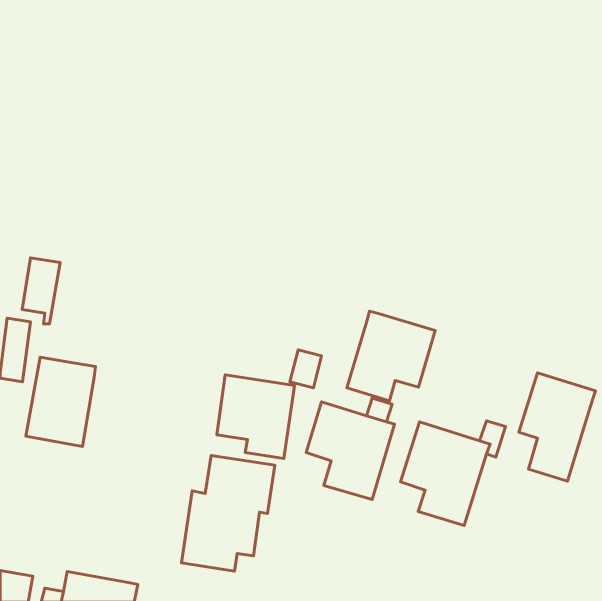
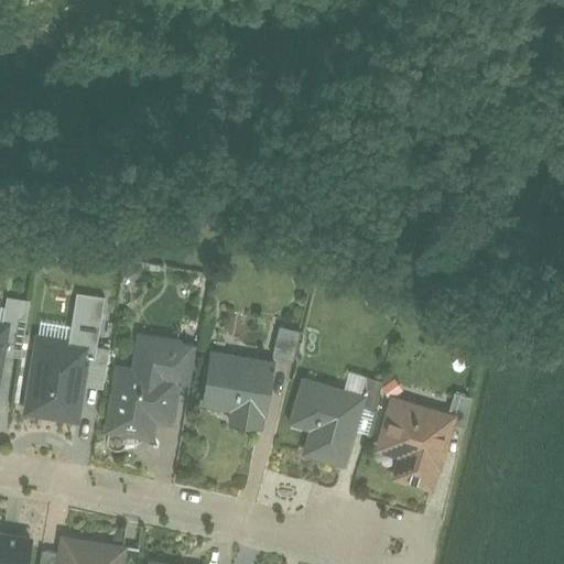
building: [22,258,60,324] -> [68,292,104,354]
building: [347,311,435,401] -> none
building: [519,373,595,481] -> none
building: [182,456,275,571] -> [106,333,193,441]

